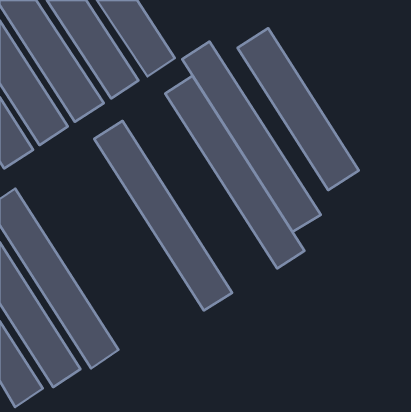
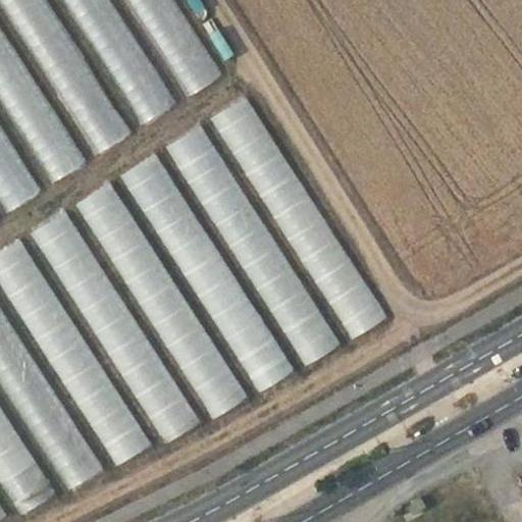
building: [237,28,359,190] -> none
building: [182,41,321,232] -> [164,124,340,365]
building: none -> [74,182,248,419]
building: none -> [30,211,199,443]

